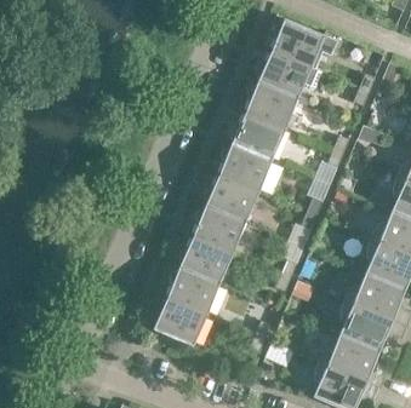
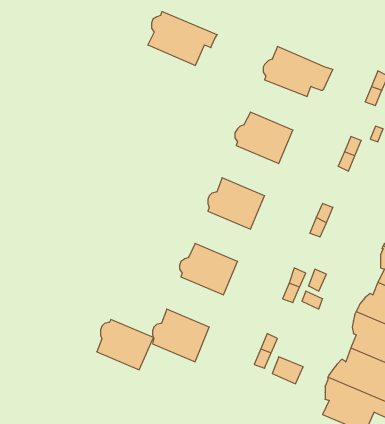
building: [270,19,336,70] -> [148,12,217,66]
building: [245,82,298,130] -> none
building: [218,144,272,191] -> none
building: [193,206,245,253] -> none
building: [166,268,219,315] -> [97,320,153,370]

